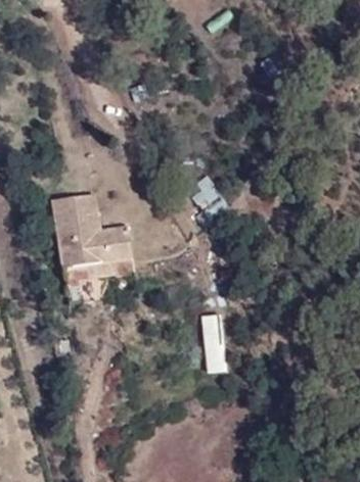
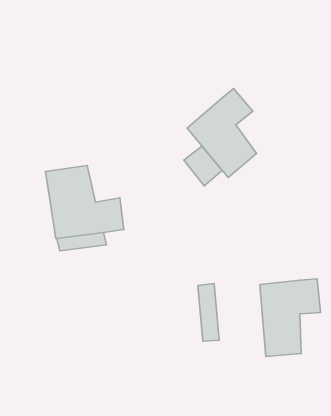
building: none -> [187,89,257,177]
building: none -> [260,279,321,357]

